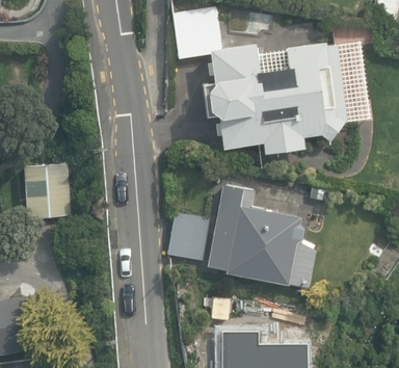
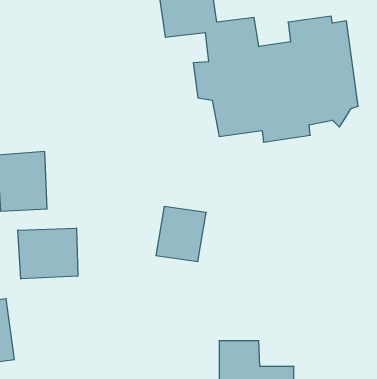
building: [207,183,316,288] -> none
building: none -> [18,228,78,279]

